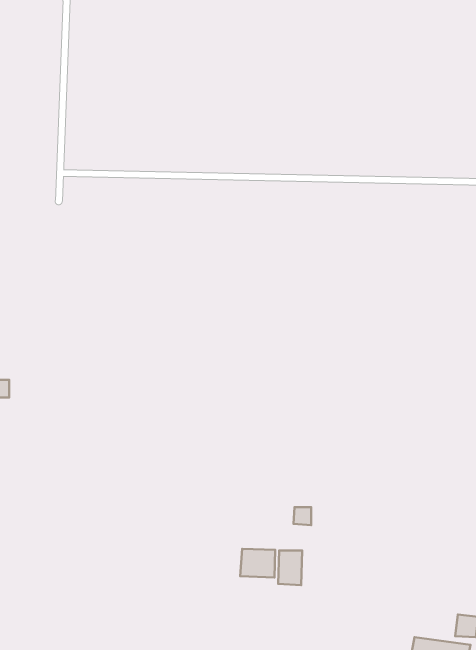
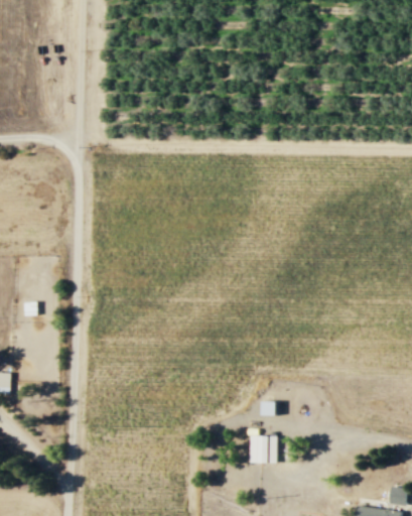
building: [240,549,275,578] -> none

